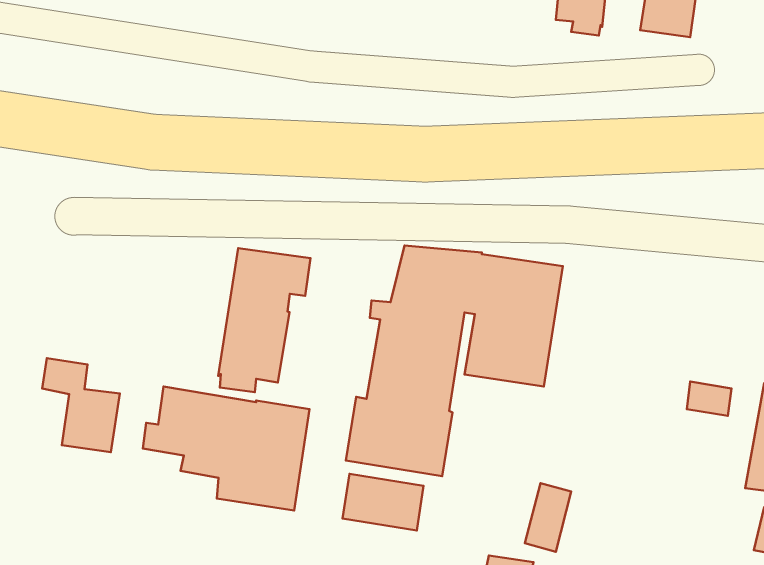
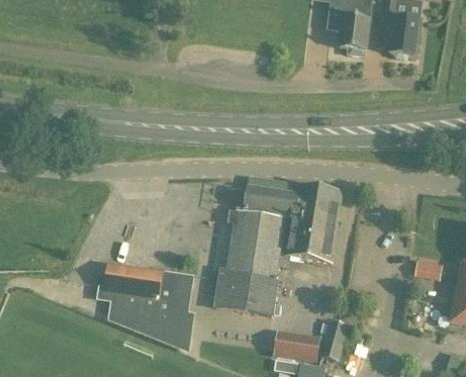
building: [218,248,311,392] -> none
building: [42,358,120,452] -> none
building: [343,474,424,531] -> [273,327,320,361]

